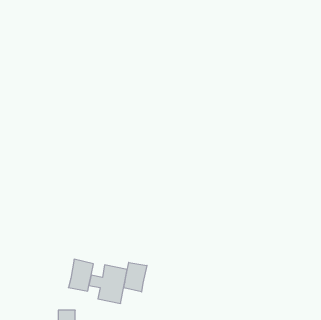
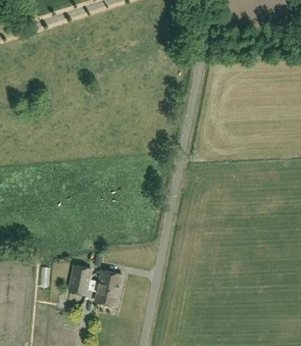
building: [124,262,147,292] -> none

